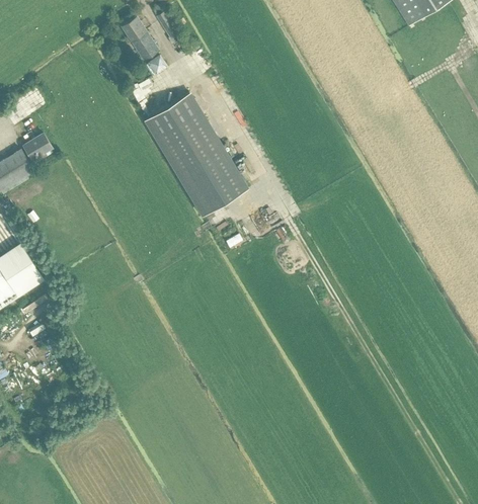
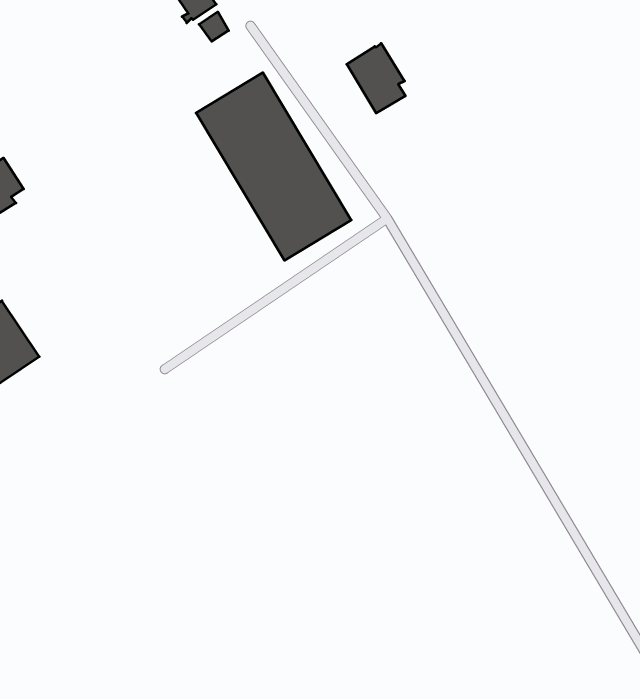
building: none -> [347,43,405,113]
building: [23,133,51,162] -> none

